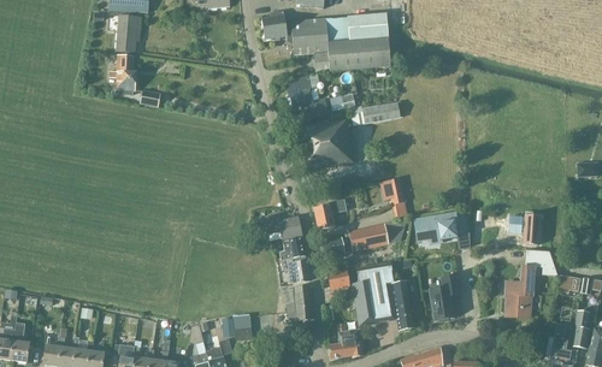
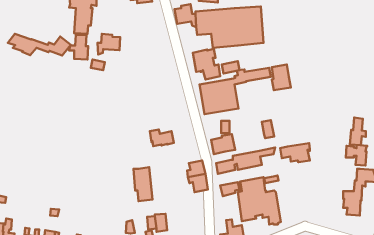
building: none -> [8,34,71,55]
building: none -> [97,34,120,55]
building: none -> [272,65,291,90]
building: none -> [350,117,366,145]
building: [266,215,301,239] -> [150,130,174,146]
building: [430,274,460,321] -> none
building: [287,285,314,335] -> [133,167,153,201]

